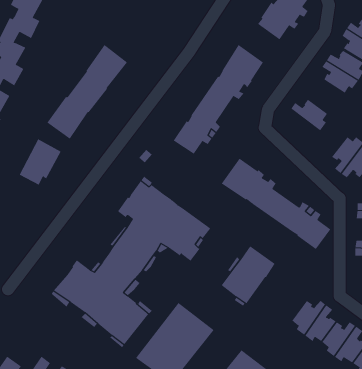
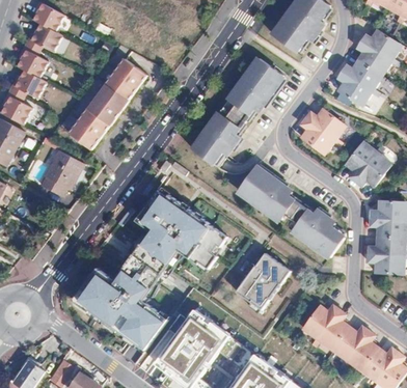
building: none -> [300,119,334,153]

